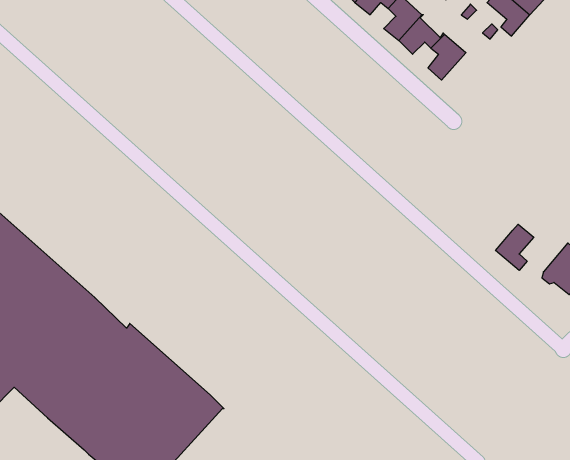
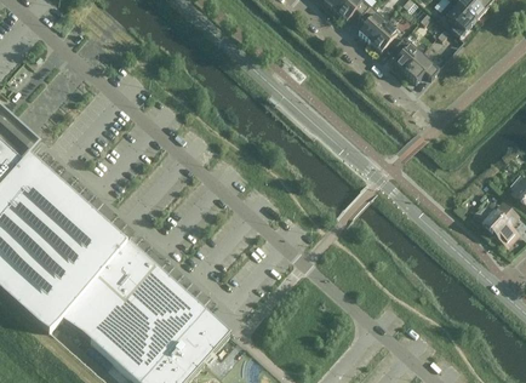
building: none -> [404,50,441,81]
building: [496,224,534,270] -> none

